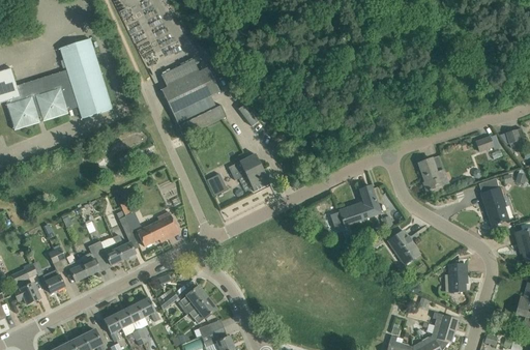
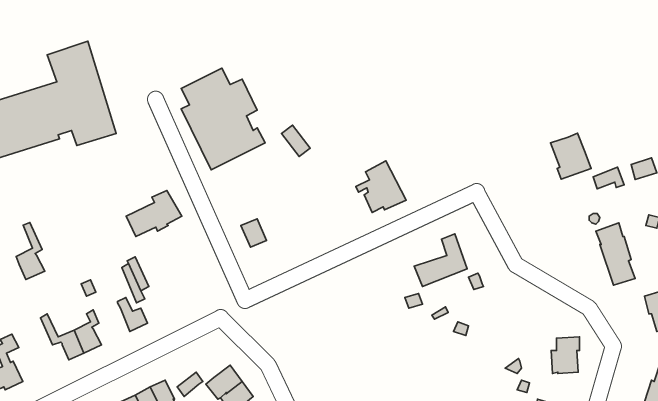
building: [232,153,270,193] -> [356,161,406,212]
building: [418,155,449,191] -> [550,133,591,179]
building: [137,211,179,246] -> [126,190,182,237]
building: [388,230,419,264] -> none
building: [94,238,122,265] -> none
building: [43,250,65,293] -> [16,222,45,279]

